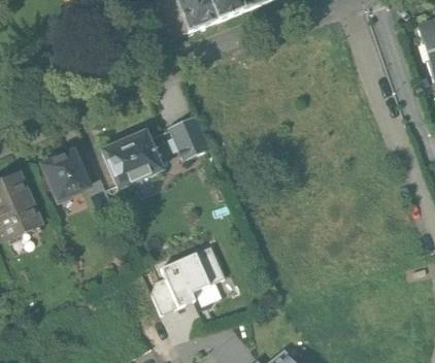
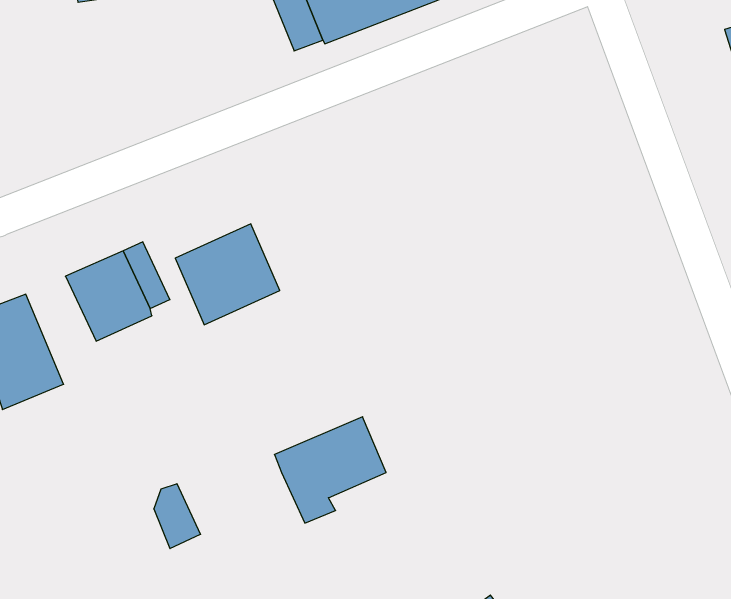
building: [170,114,212,158] -> none
building: [153,276,179,314] -> [154,484,201,549]

